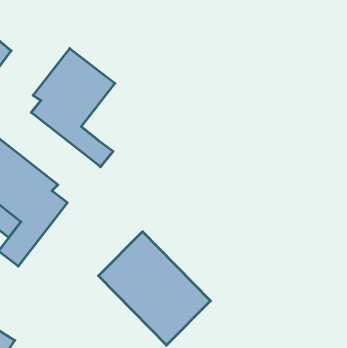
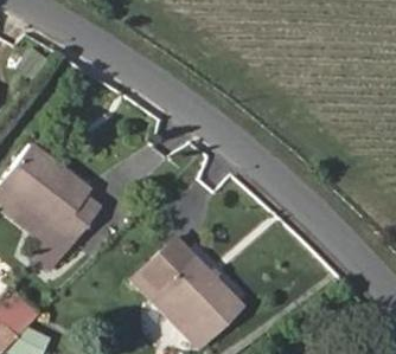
building: [31,48,115,167] -> none

